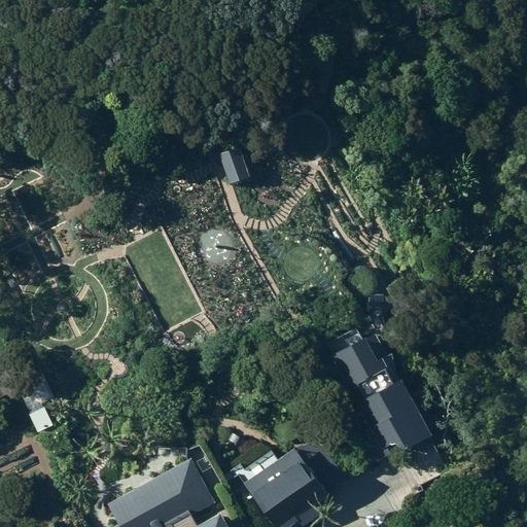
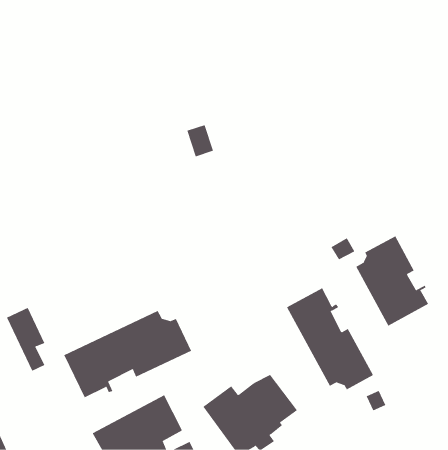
building: none -> [356,235,429,327]
building: none -> [64,310,192,398]

